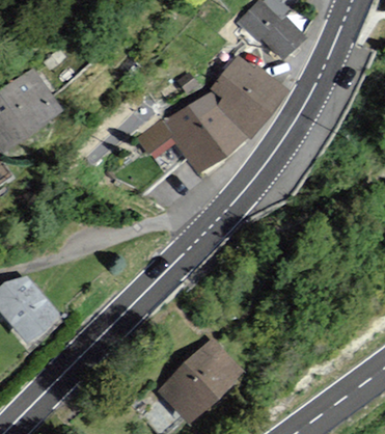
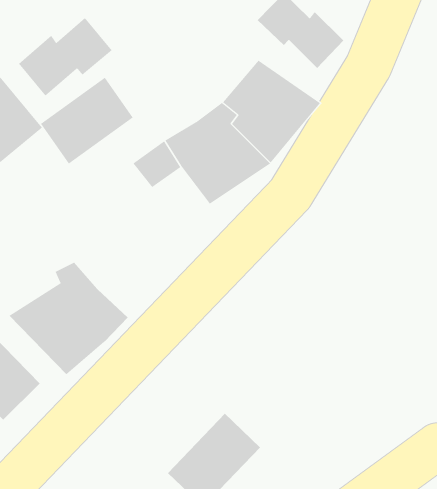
building: none -> [18,17,112,97]
building: none -> [40,77,134,165]
building: none -> [8,262,129,375]

